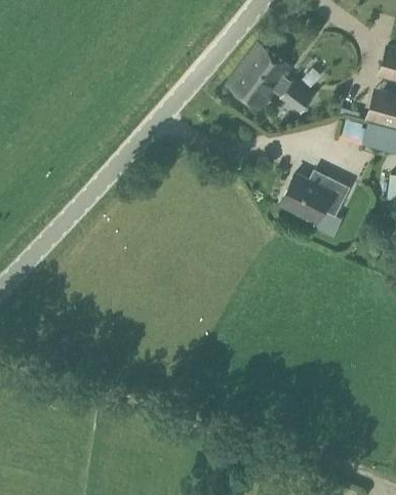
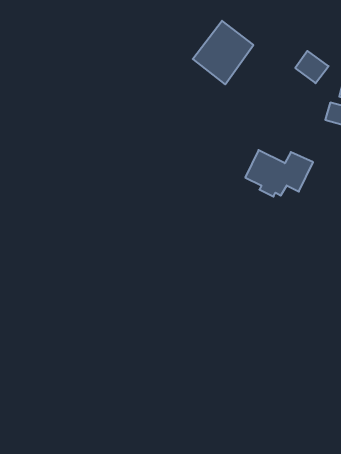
building: [280,82,314,115] -> [295,51,329,83]

